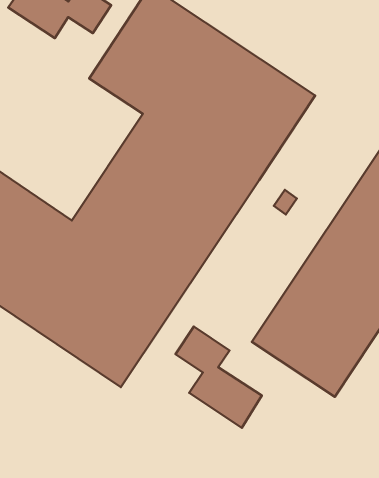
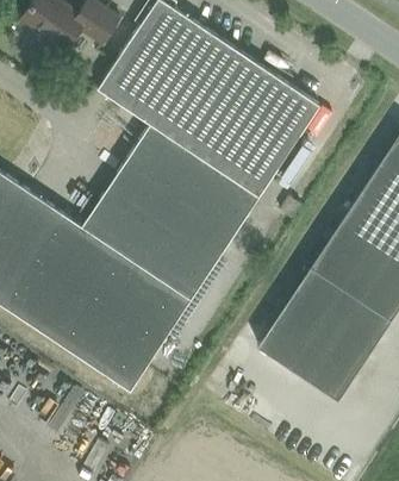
building: [175,327,262,428] -> none

